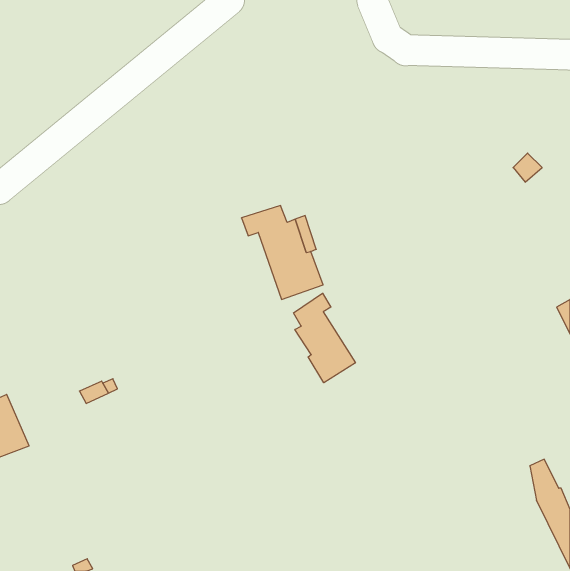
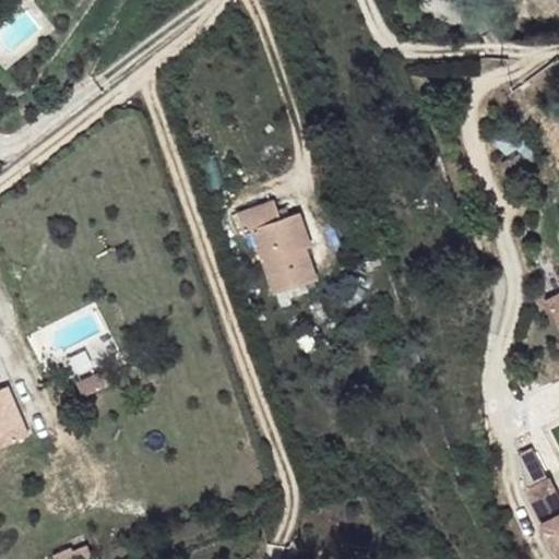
building: [294,293,355,383] -> none

